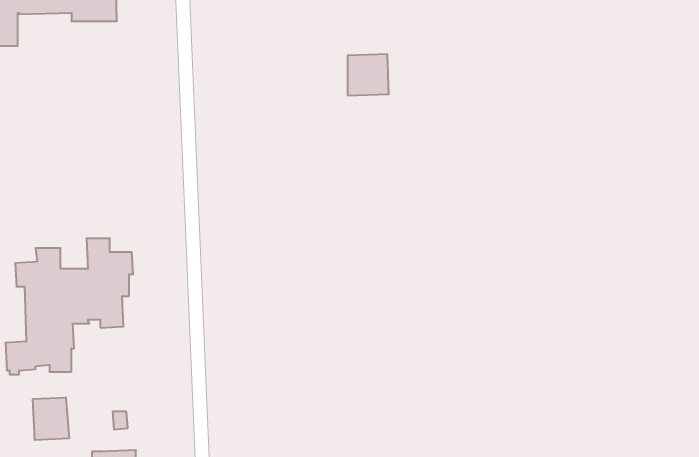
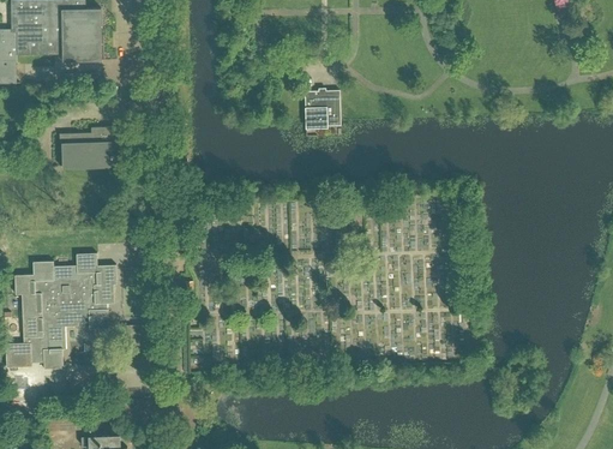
building: none -> [59,126,121,169]
building: [33,397,69,440] -> none

